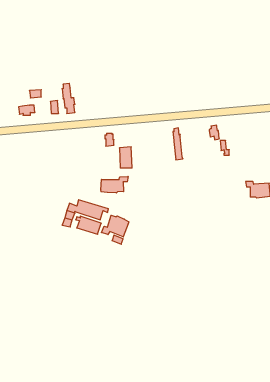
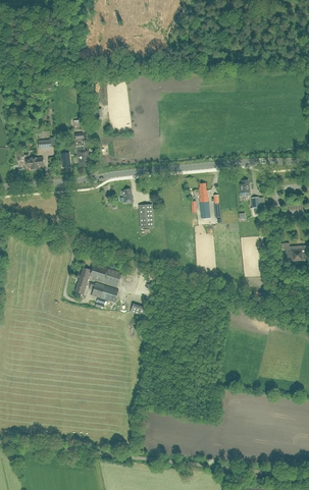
building: [101,176,128,193] -> none
building: [101,215,129,237] -> none

